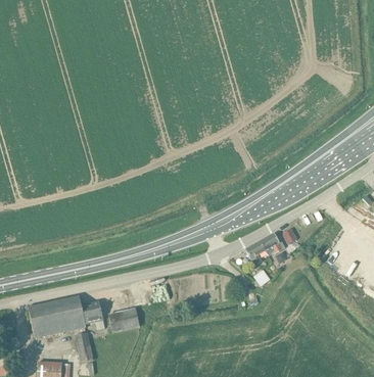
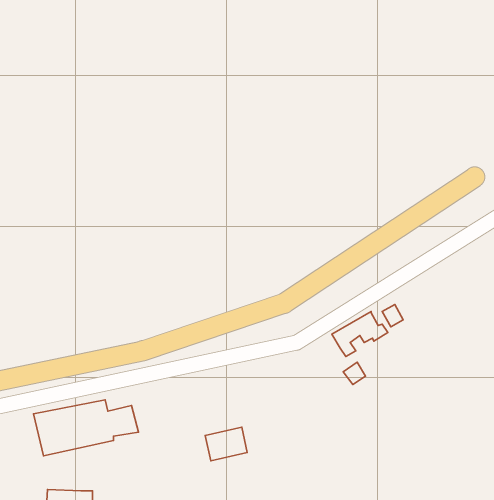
building: [107,308,138,332] -> [205,427,247,461]
building: [75,332,93,361] -> none

